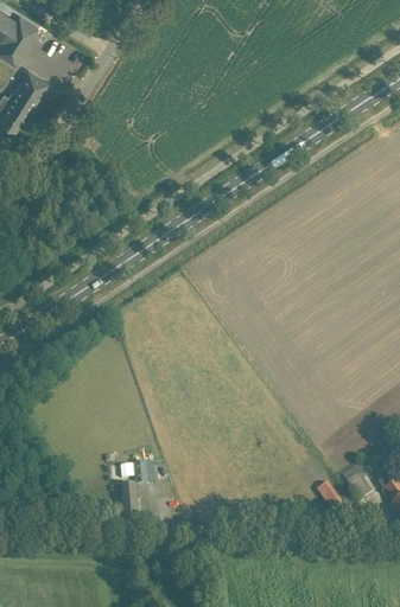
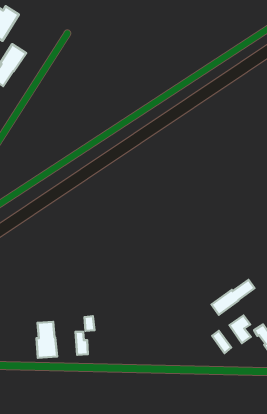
building: none -> [211,280,255,315]
building: none -> [37,322,57,358]

